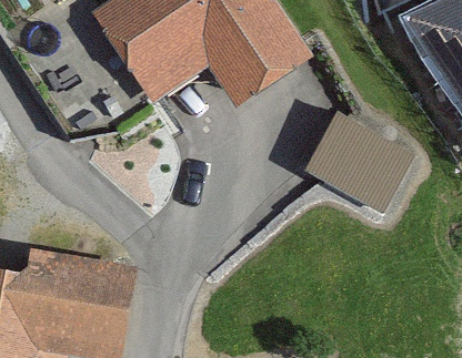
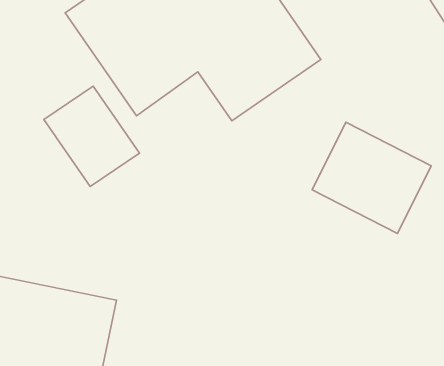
building: none -> [44,86,139,186]

